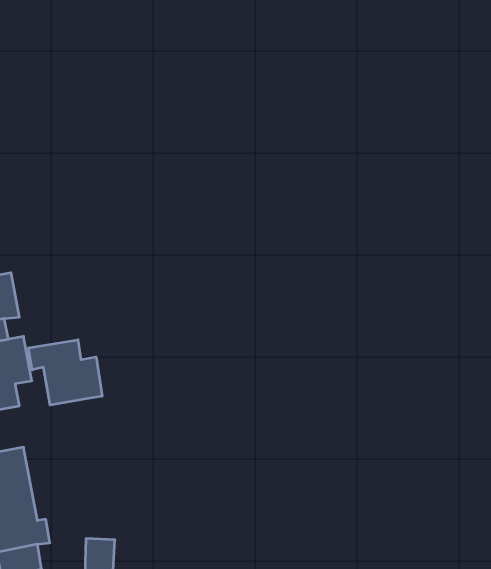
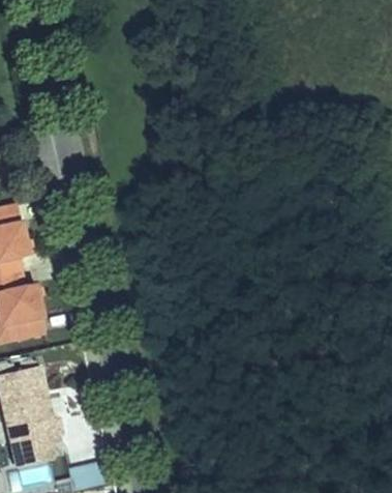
building: [28,340,102,405] -> none

